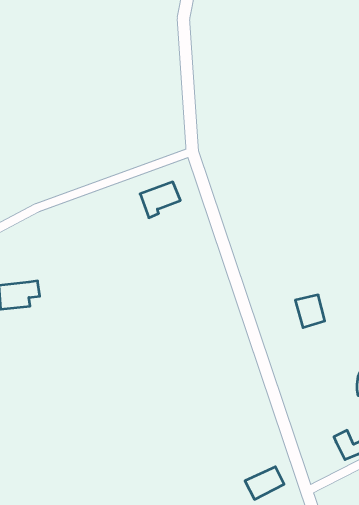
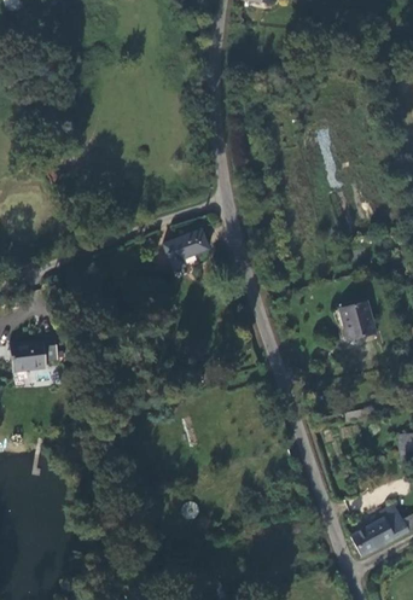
building: [295,295,325,328] -> [341,303,373,339]
building: [245,467,284,499] -> [350,518,394,554]

